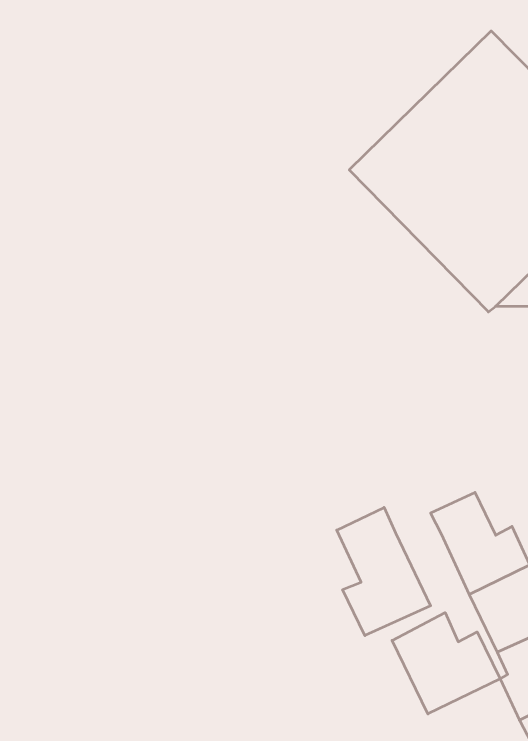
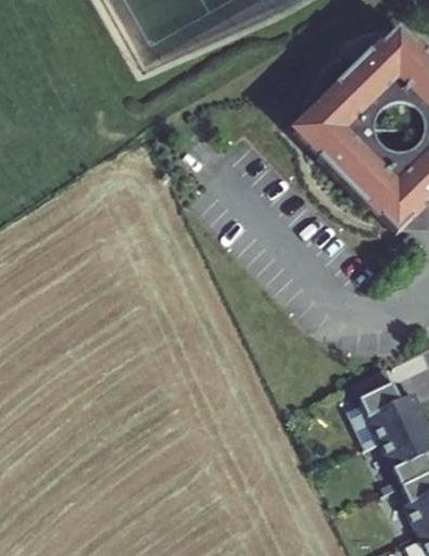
building: [337,507,431,636] -> none
building: [392,613,500,714] -> none

